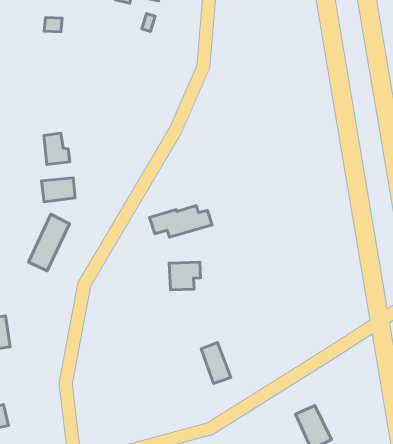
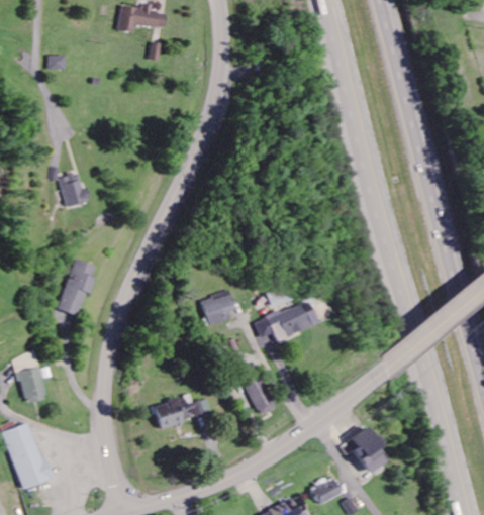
building: [42,178,75,202] -> none
building: [150,205,212,237] -> [253,304,317,339]
building: none -> [154,394,210,428]

